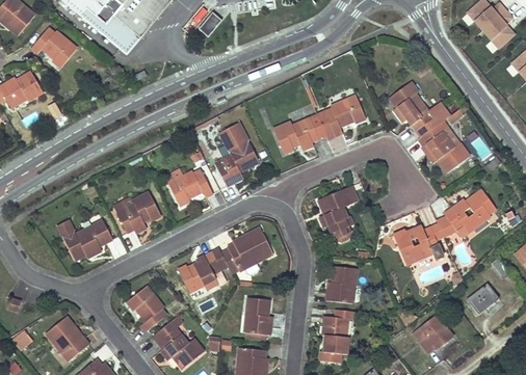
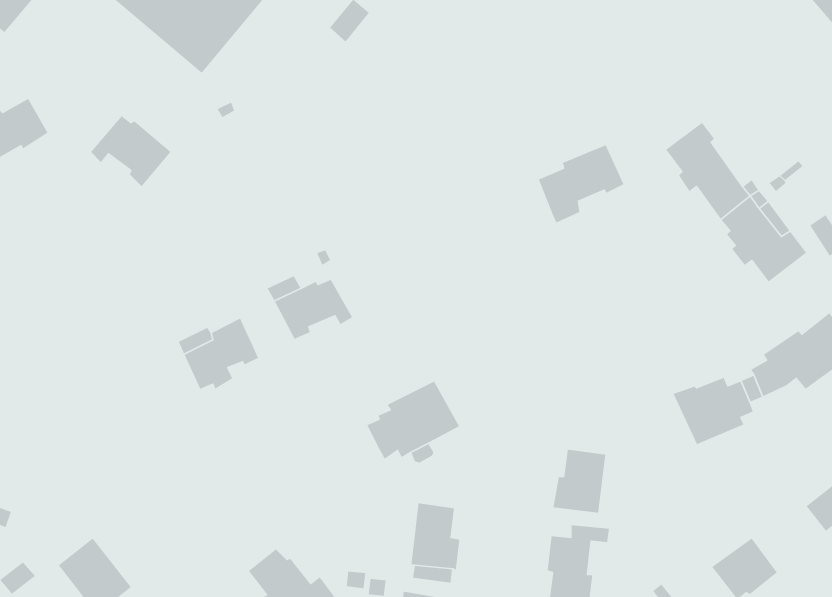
building: [29,25,75,65] -> [90,115,171,187]
building: [273,114,325,153] -> none
building: [218,123,259,185] -> none
building: [318,186,357,233] -> none
building: [58,220,112,260] -> none
building: [178,249,226,293] -> none
building: [128,286,166,330] -> none

